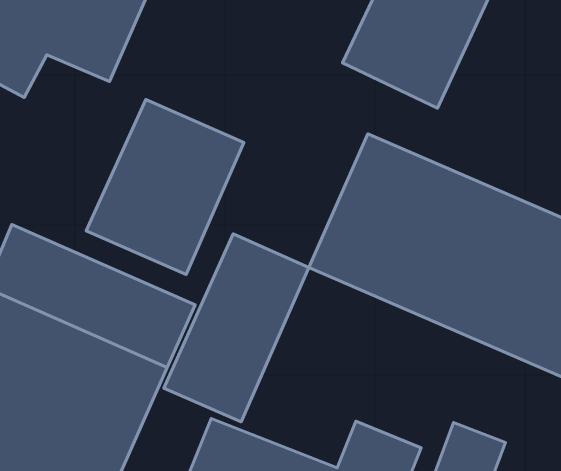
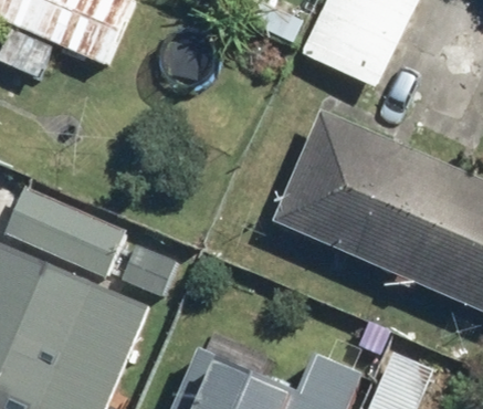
building: [86,99,244,274] -> none
building: [164,234,309,422] -> none

